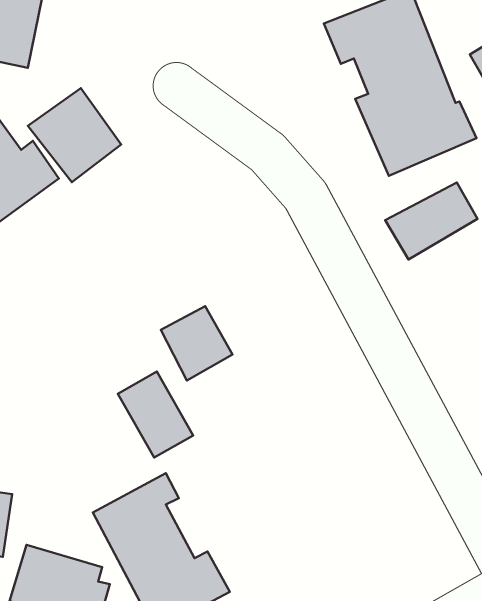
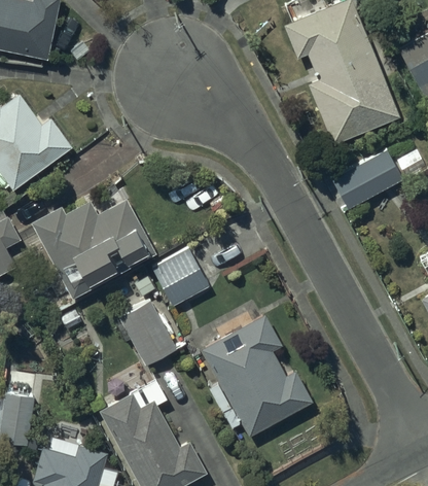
building: [28,88,121,182] -> none
building: none -> [32,200,155,299]
building: none -> [200,314,313,439]

